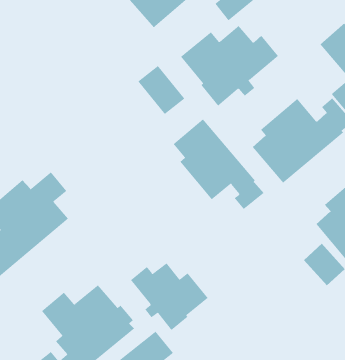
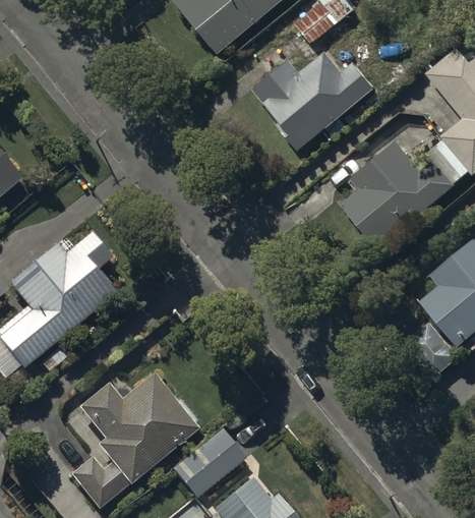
building: [137,65,185,115] -> none
building: [173,118,264,210] -> none
building: [130,262,208,331] -> none

